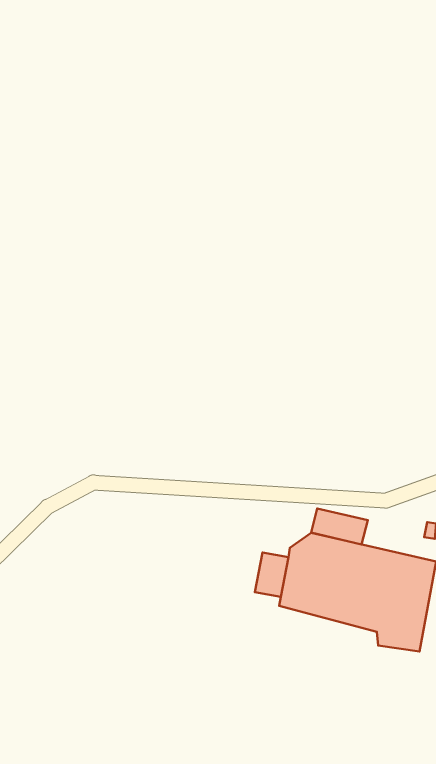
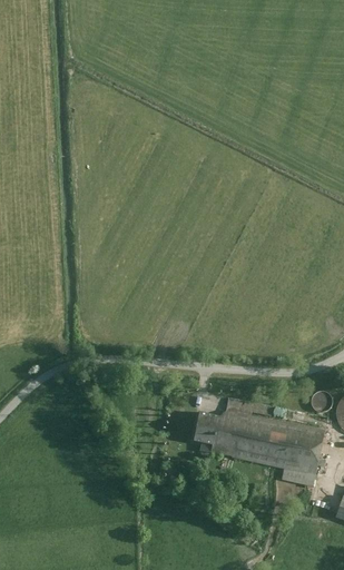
building: [311,508,368,544] -> none

